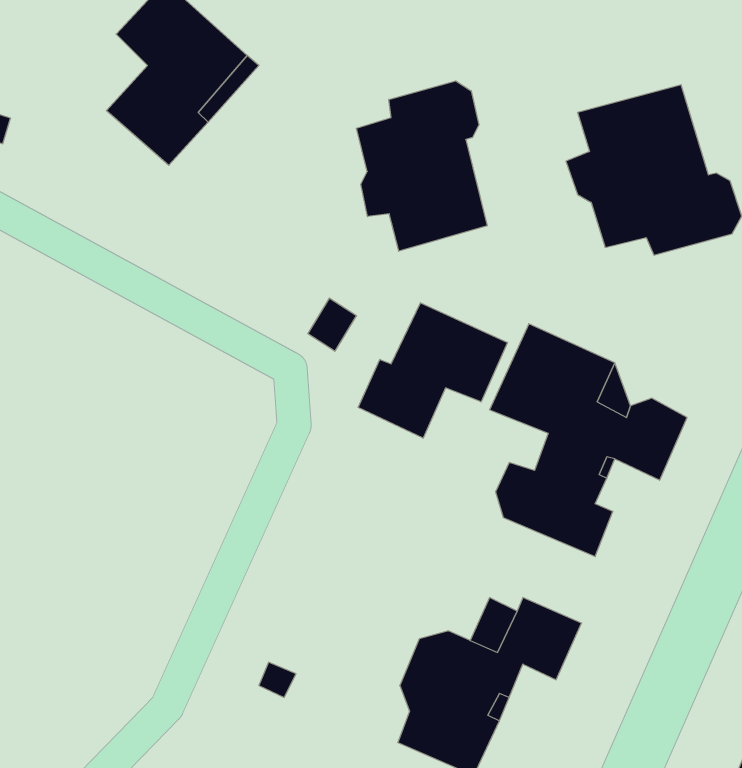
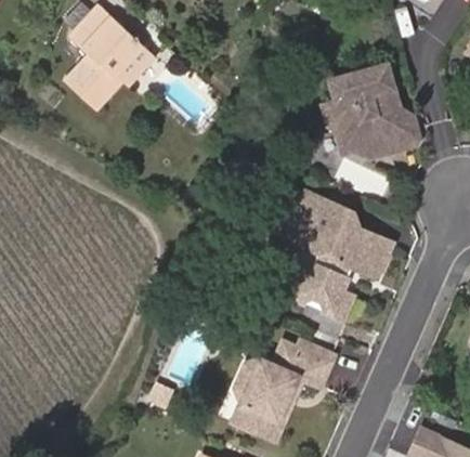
building: [357,81,487,251] -> none
building: [358,303,507,438] -> none

